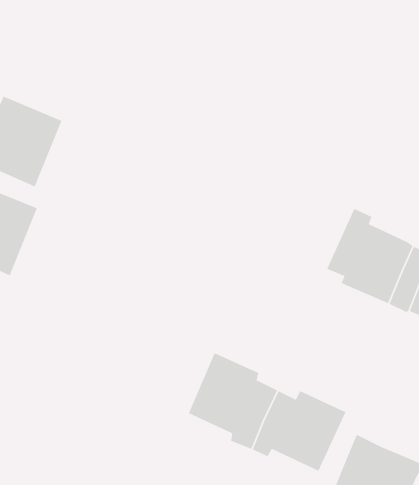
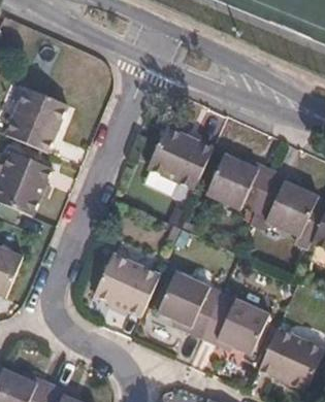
building: none -> [148,123,215,187]
building: none -> [206,150,274,209]
building: none -> [95,253,161,316]

